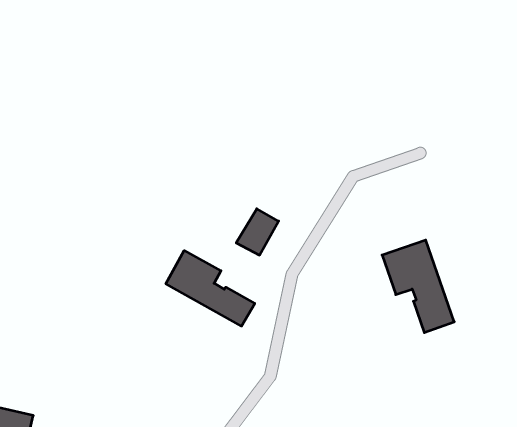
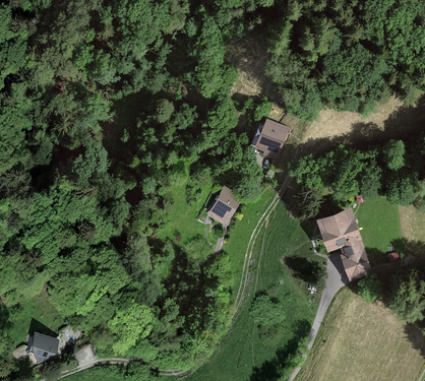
building: none -> [256,120,289,158]
building: [166,251,255,326] -> none

